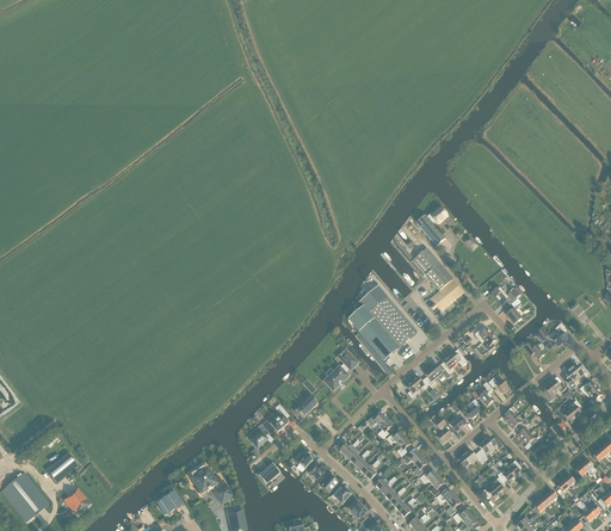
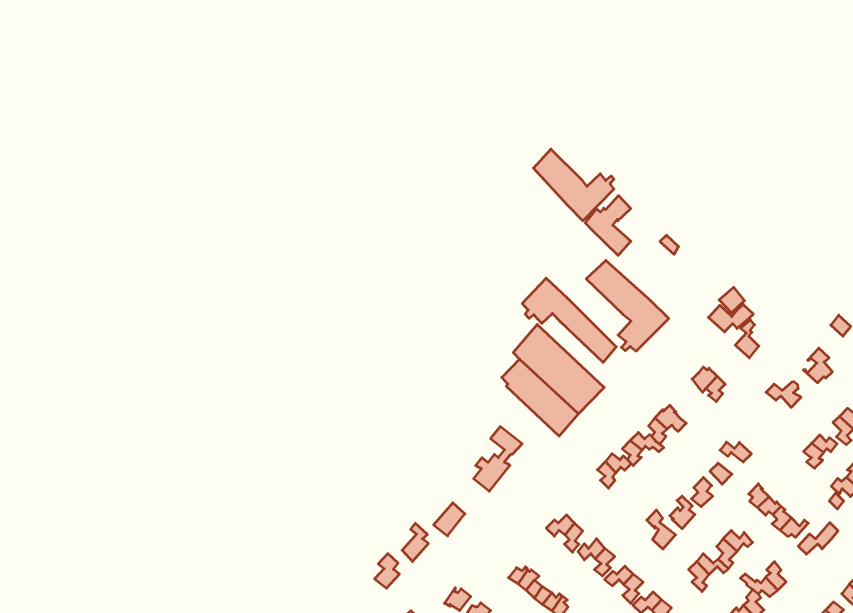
building: none -> [533,149,614,221]
building: none -> [522,278,616,362]

